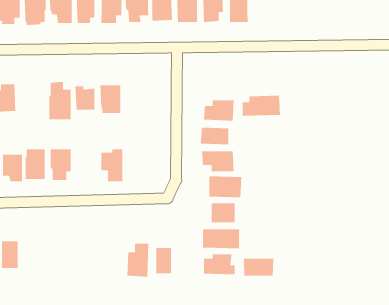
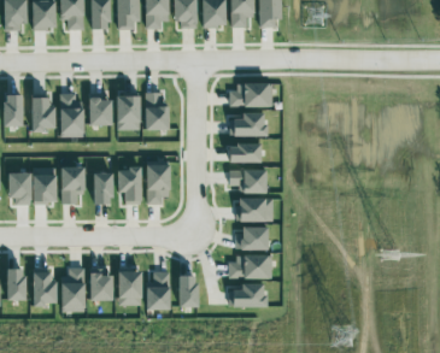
building: none -> [143,93,168,130]
building: none -> [31,99,54,134]
building: [242,95,281,117] -> [230,83,274,107]
building: none -> [146,165,170,204]
building: none -> [93,172,112,204]
building: none -> [60,267,86,311]
building: none -> [90,269,112,300]
building: none -> [118,271,142,306]
building: none -> [33,272,55,306]
building: [243,258,274,277] -> none

